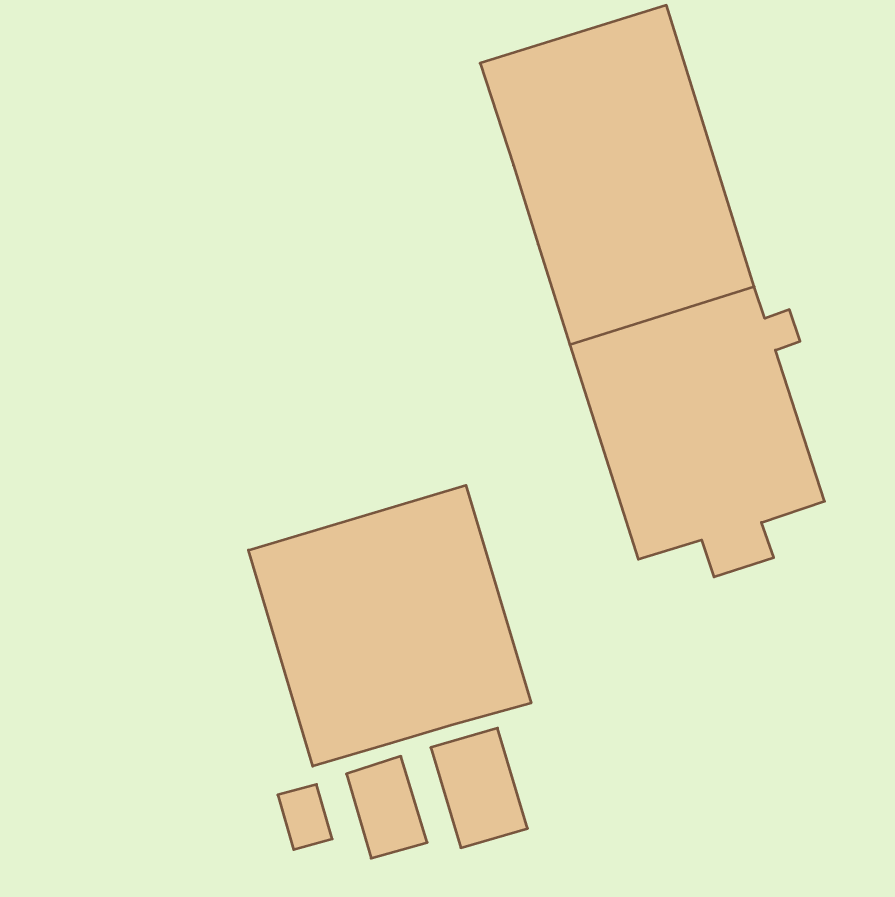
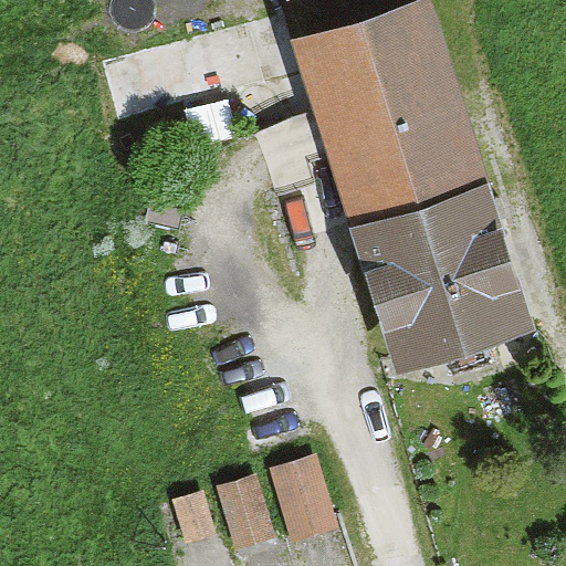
building: [248,485,531,766] -> none

